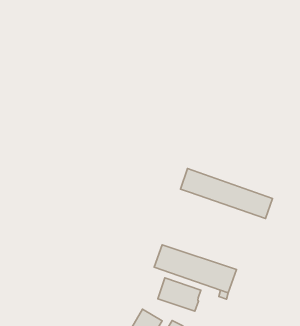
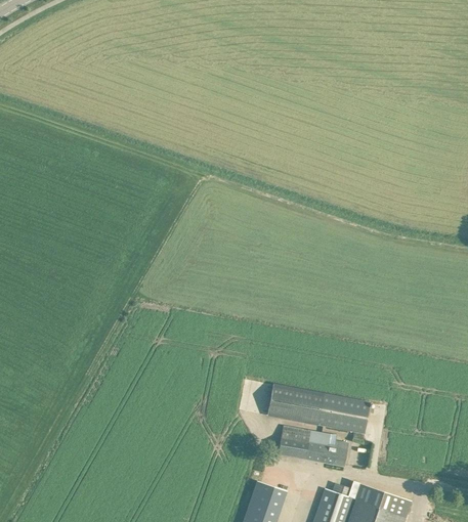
building: [180,168,272,218] -> none
building: none -> [327,435,349,466]

